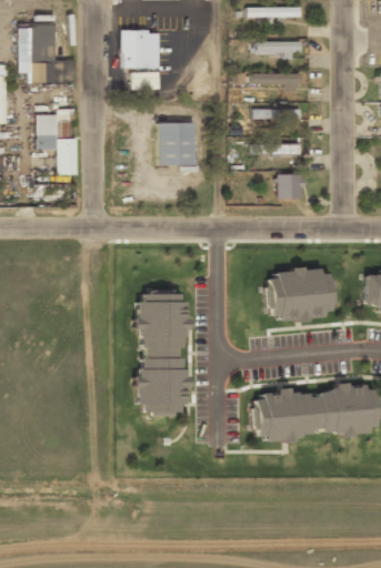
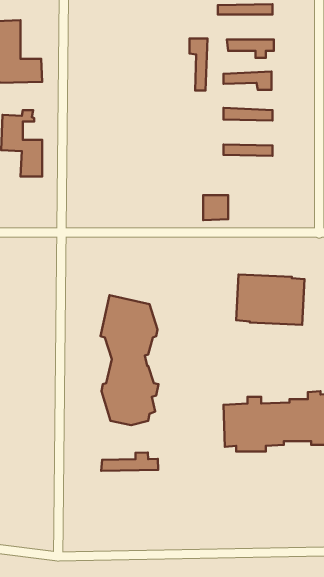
building: [121,30,160,69] -> none
building: none -> [189,39,208,91]
building: [159,122,194,165] -> none
building: [279,174,303,199] -> [203,195,228,220]
building: none -> [101,452,158,471]

